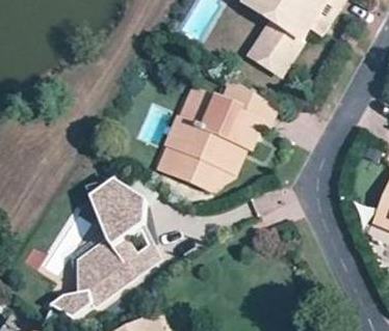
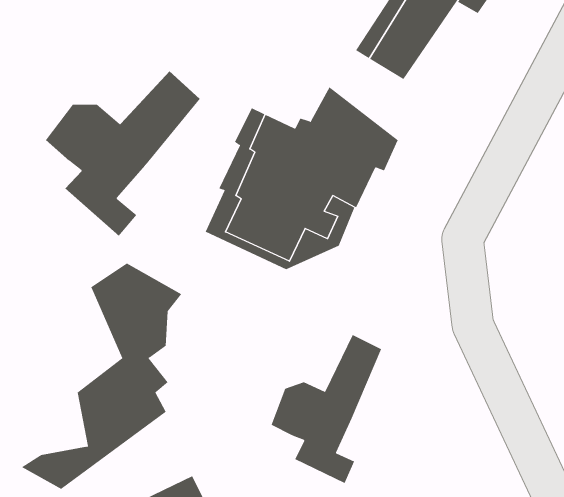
building: none -> [45,71,201,236]
building: none -> [271,334,382,484]

